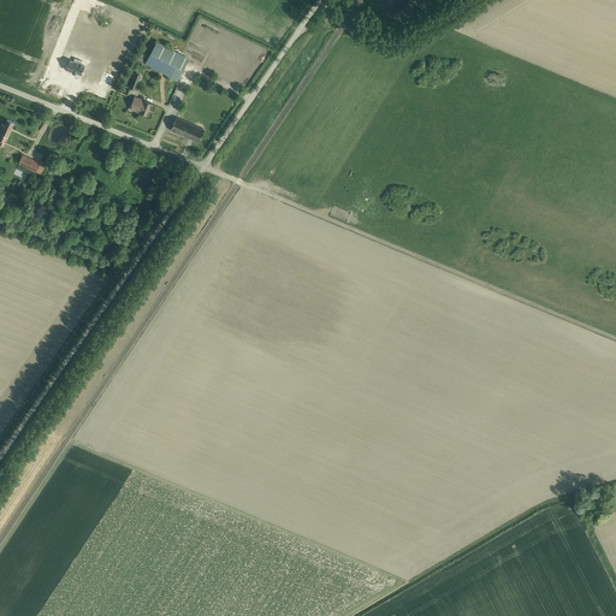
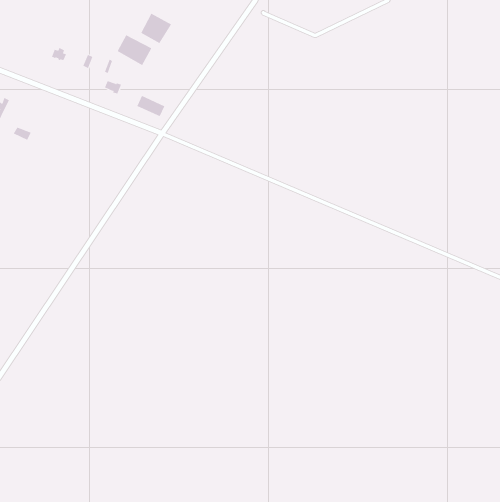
building: none -> [141,13,172,44]

